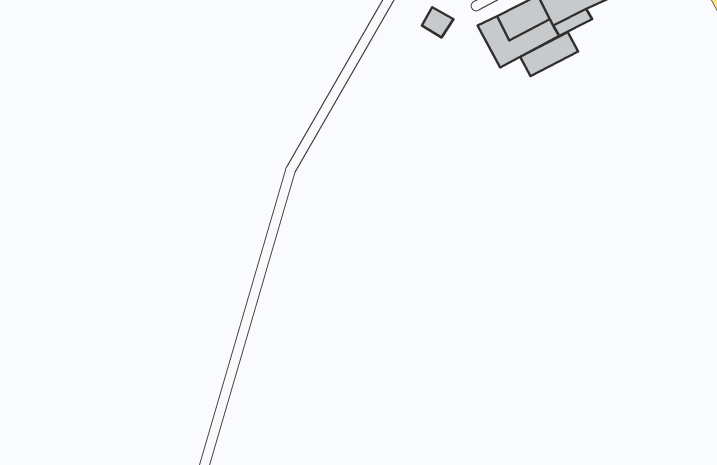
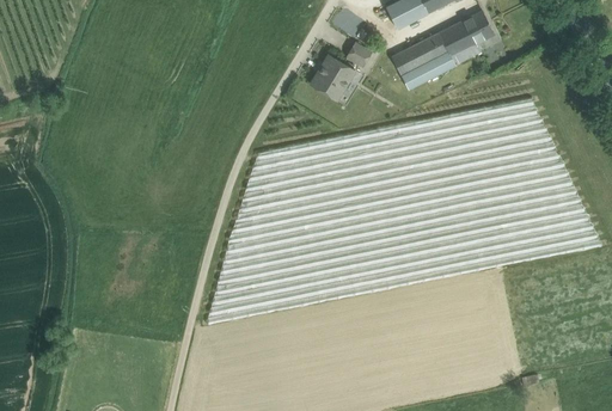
building: none -> [311,55,355,100]
building: [520,32,578,76] -> none

